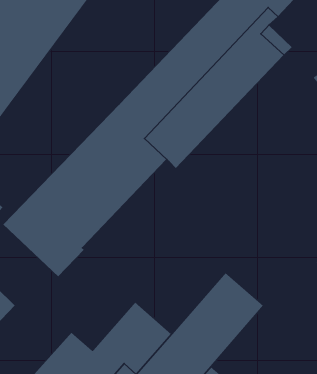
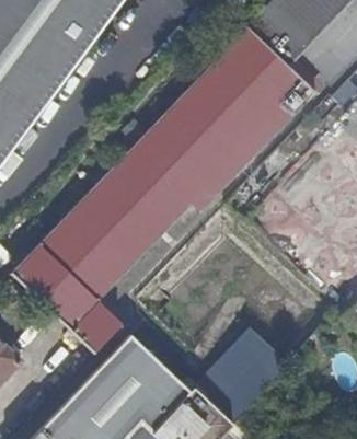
building: none -> [69,301,120,354]
building: none -> [83,336,152,409]

